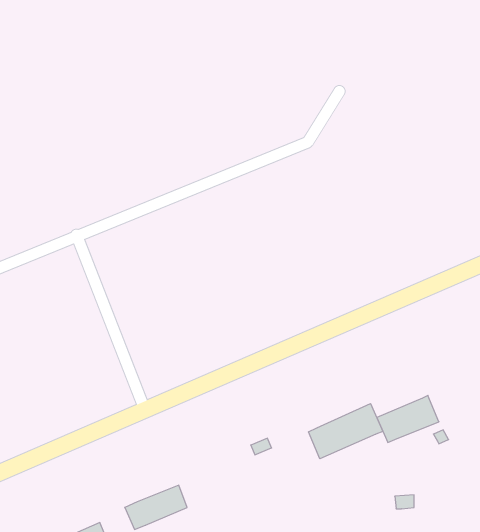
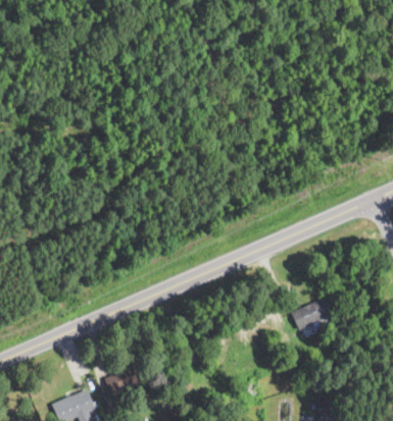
building: [309,404,383,459] -> none

